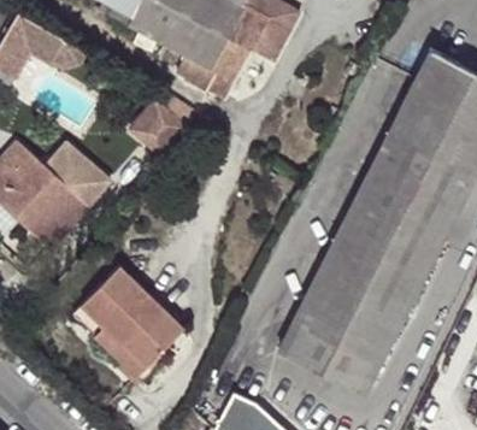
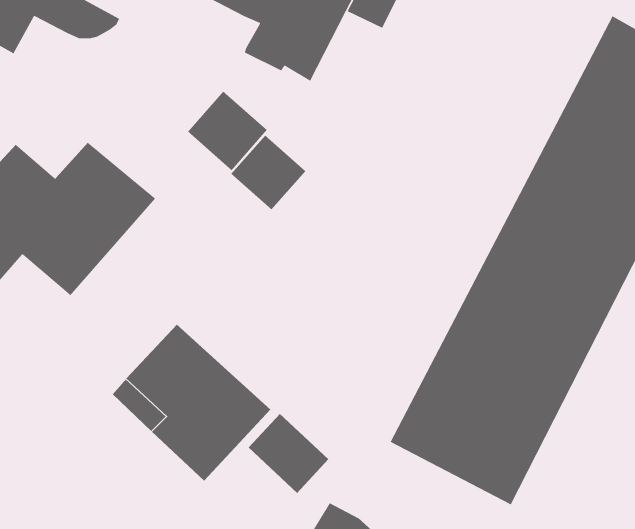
building: none -> [231,135,306,210]
building: none -> [248,413,329,494]

